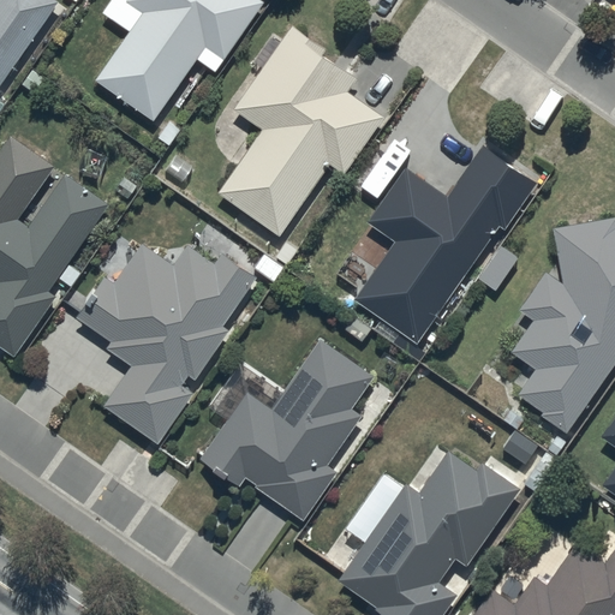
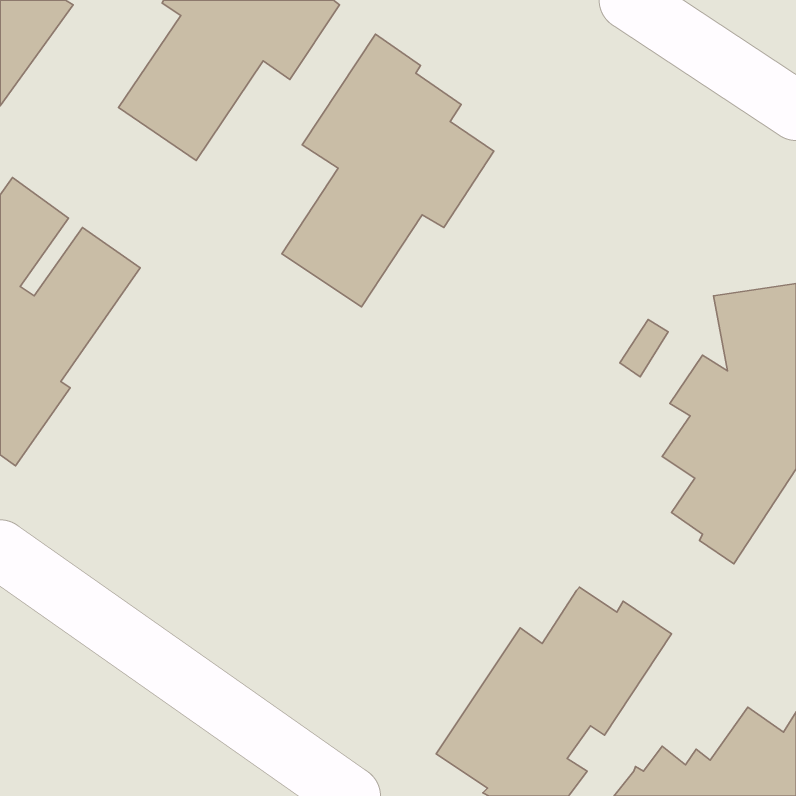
building: [352,145,536,344] -> none
building: [76,246,255,444] -> none
building: [198,341,371,519] -> none

